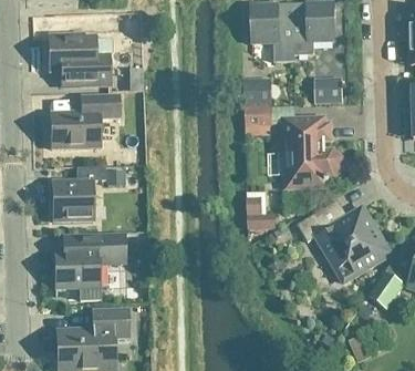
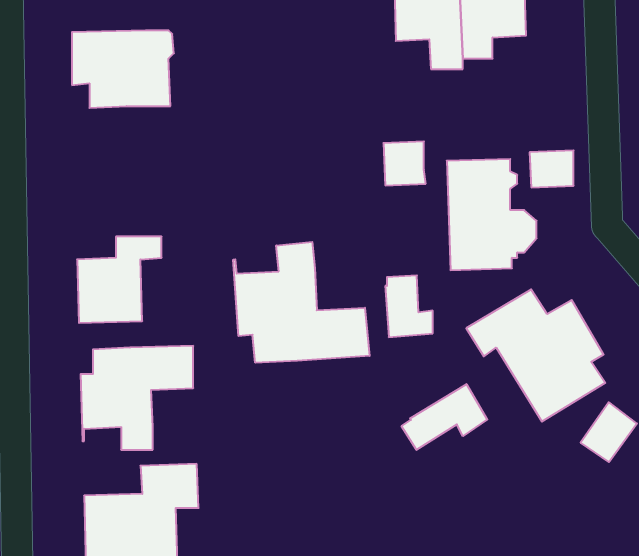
building: [314,78,342,101] -> [530,150,574,187]
building: [245,79,271,104] -> none
building: [51,94,120,146] -> none
building: none -> [233,242,370,363]
building: none -> [402,384,487,450]

